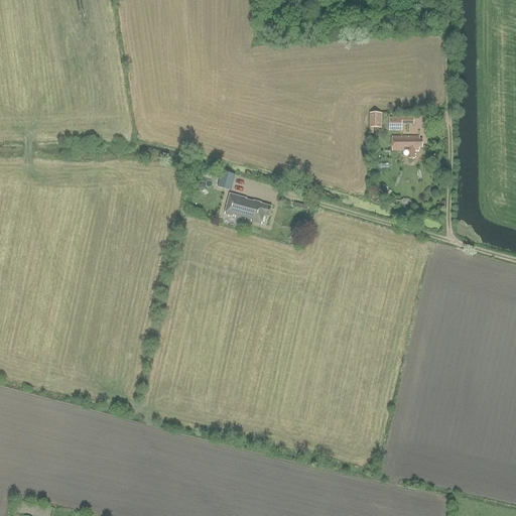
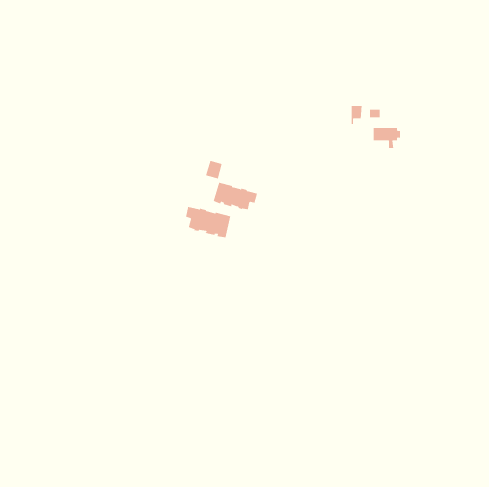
building: none -> [185,206,231,238]

